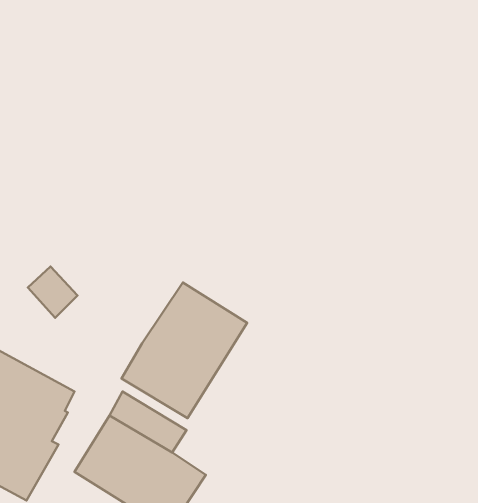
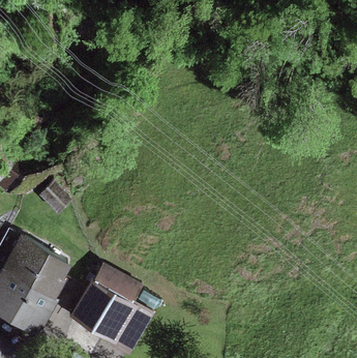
building: [122,283,247,418] -> none

